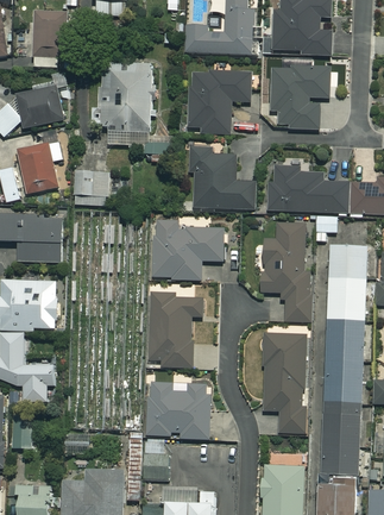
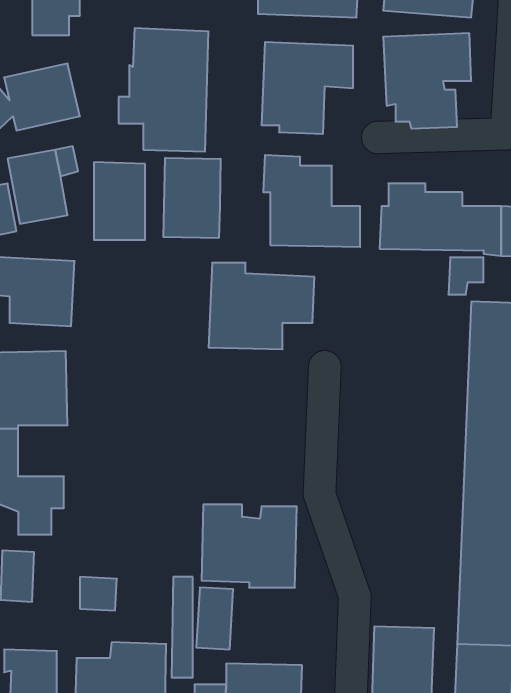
building: none -> [163,158,221,238]
building: [264,221,310,320] -> none
building: [149,291,202,366] -> none
building: [264,333,307,433] -> none

